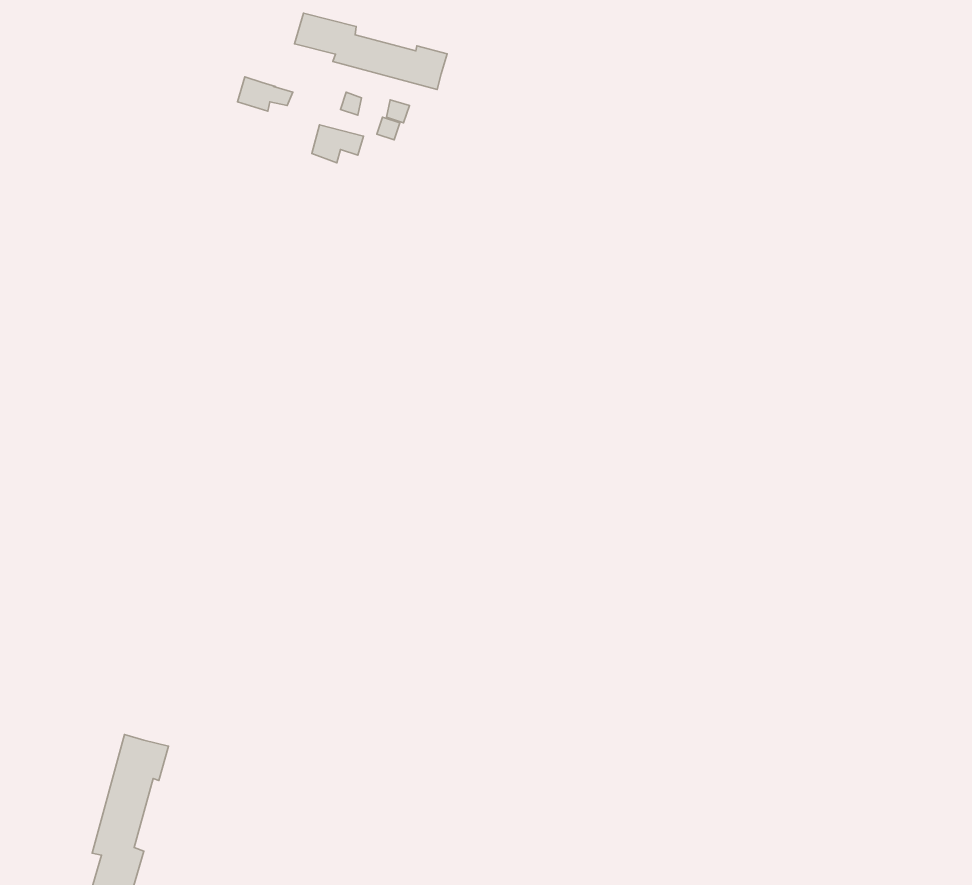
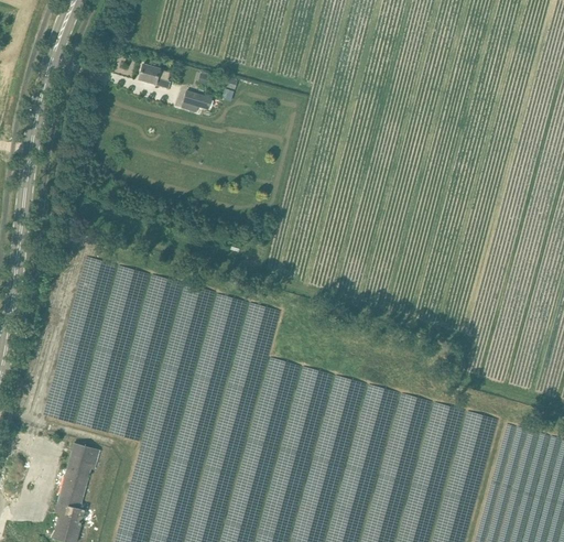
building: [295,13,447,90] -> none

